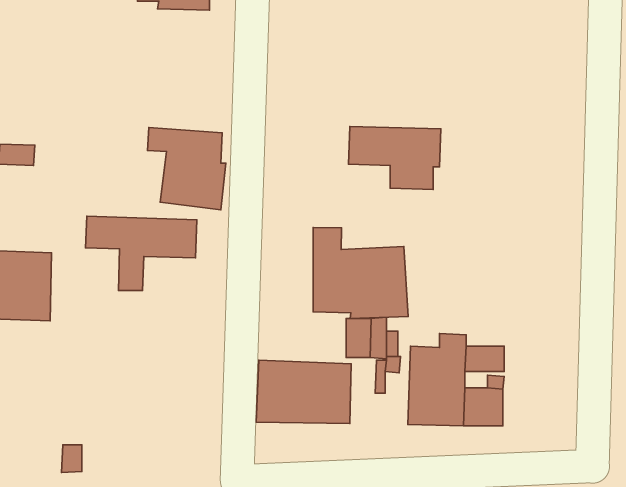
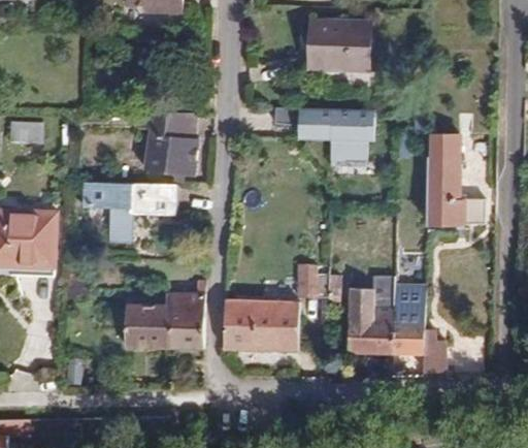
building: none -> [308,20,371,70]
building: none -> [426,131,486,221]
building: [313,227,408,318] -> none
building: none -> [125,280,205,350]
building: none -> [424,329,446,374]

